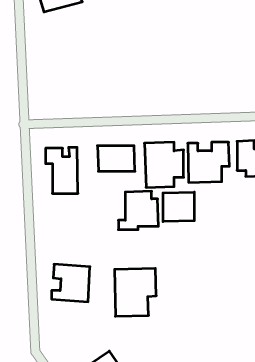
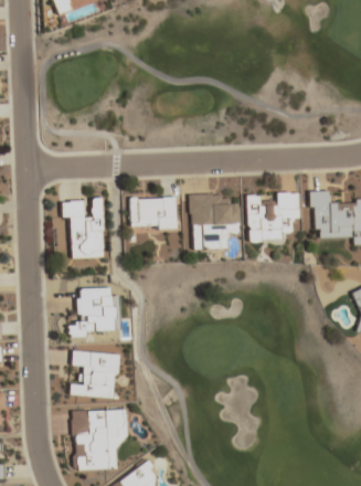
building: [118,191,158,230] -> [68,287,120,337]
building: [163,192,194,222] -> none
building: [115,268,156,316] -> [73,409,127,471]

